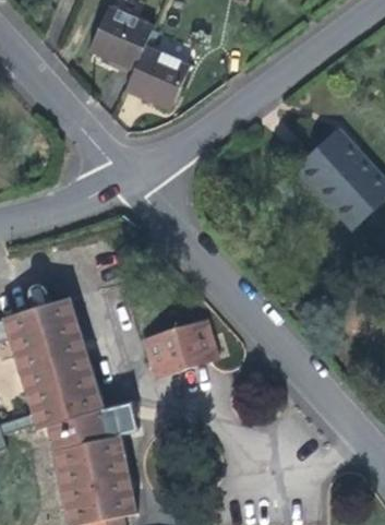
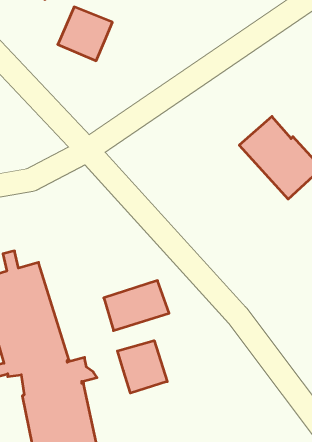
building: [127,47,192,111] -> none
building: none -> [117,341,167,393]

